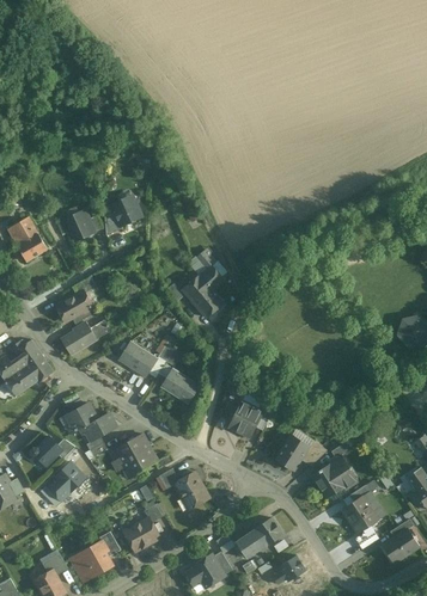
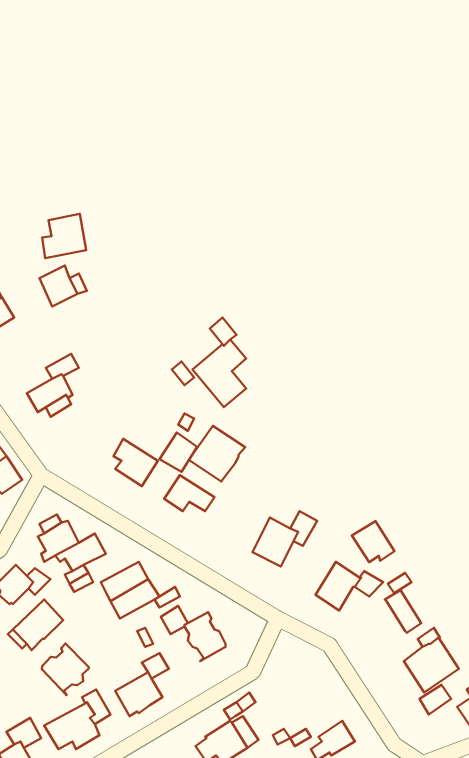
building: [104,196,138,229] -> [42,214,86,258]
building: [60,319,110,355] -> none
building: none -> [189,426,245,481]
building: [311,463,343,494] -> [352,521,394,562]
building: none -> [42,643,89,695]
building: [236,517,282,553] -> none

